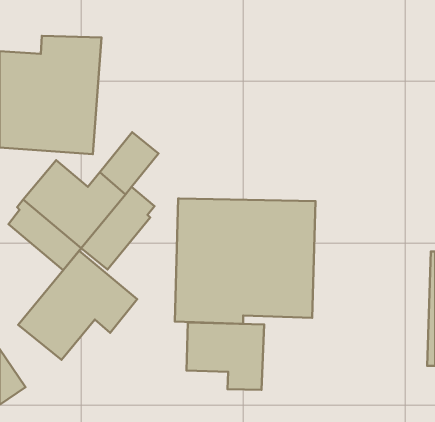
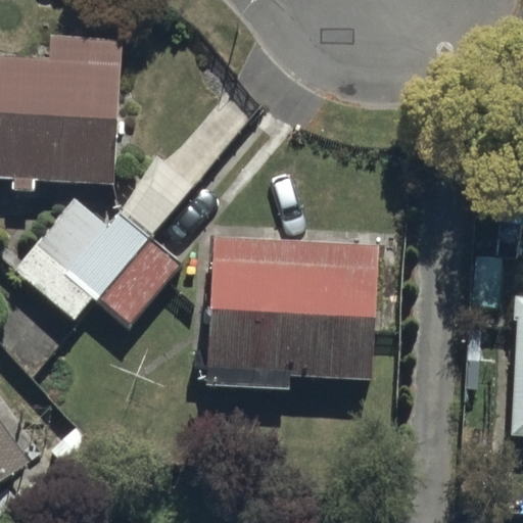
building: [18,251,137,360] -> none
building: [187,322,264,390] -> none

